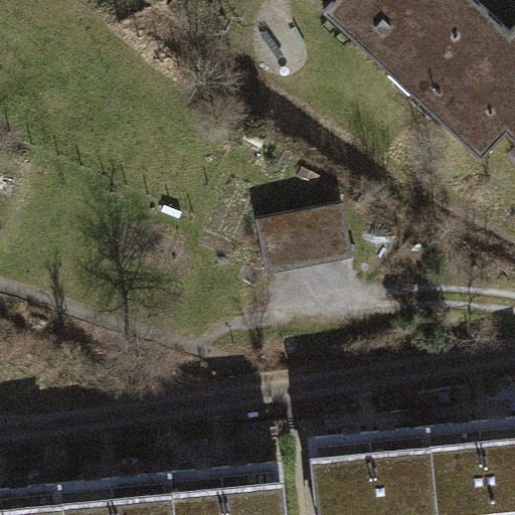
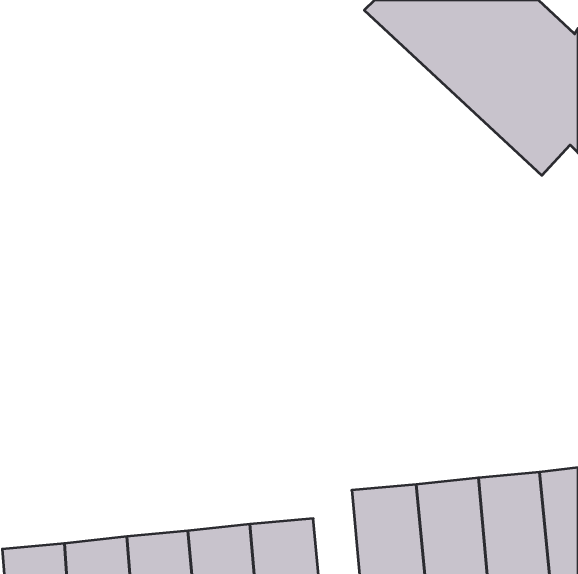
building: [256,204,354,276] -> none

